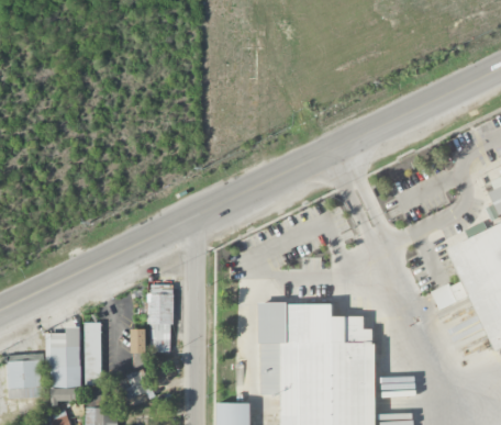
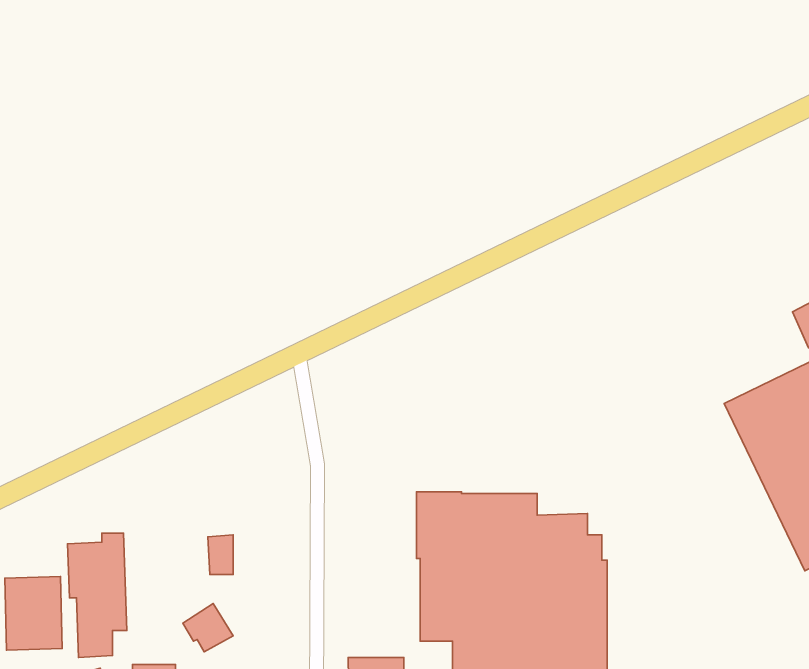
building: [148,286,172,353] -> none
building: [84,323,101,385] -> none

